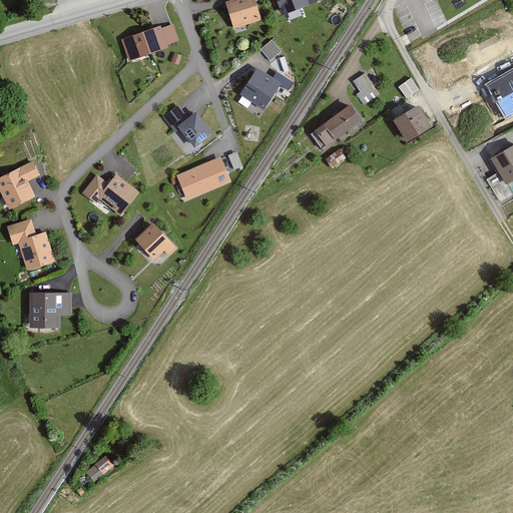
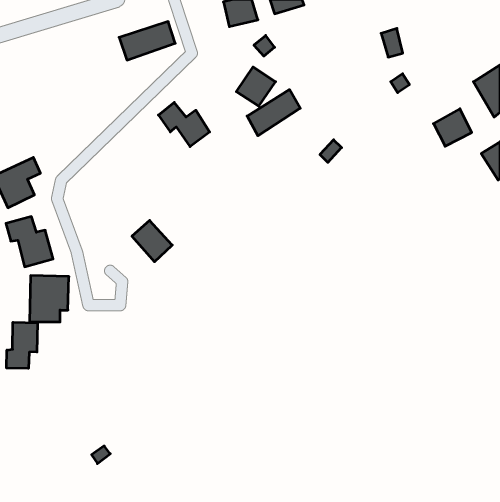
building: [353,70,375,99] -> [381,28,403,57]
building: [393,103,432,141] -> [433,109,472,146]
building: [307,104,361,151] -> [247,90,300,136]
building: [174,157,229,200] -> none
building: [83,174,138,215] -> none
building: none -> [7,322,37,368]

